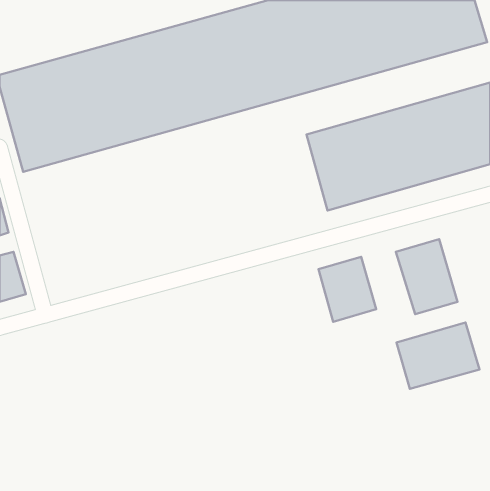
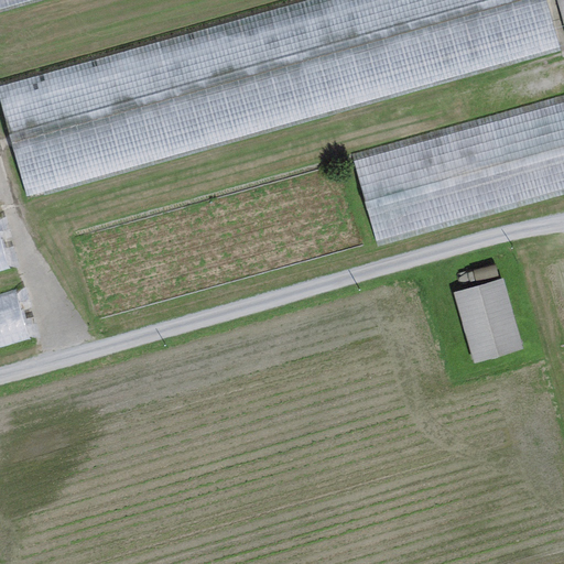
building: [319,257,376,322] -> none
building: [397,322,479,389] -> none

